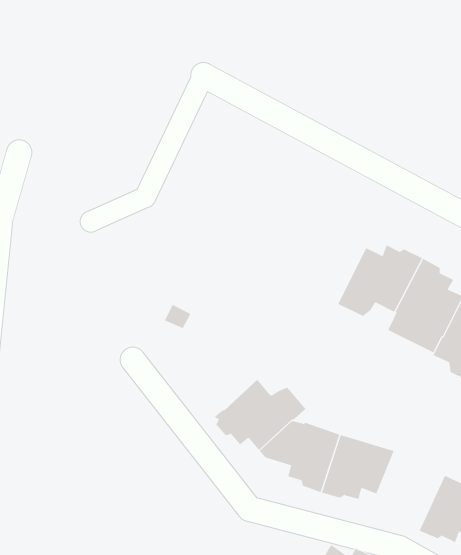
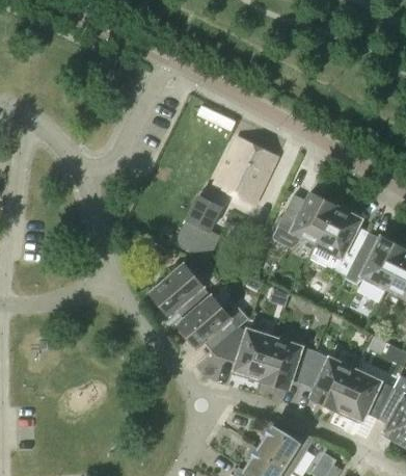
building: none -> [213,136,276,204]
building: none -> [172,194,221,262]
building: none -> [150,264,210,319]
building: none -> [301,350,353,412]

